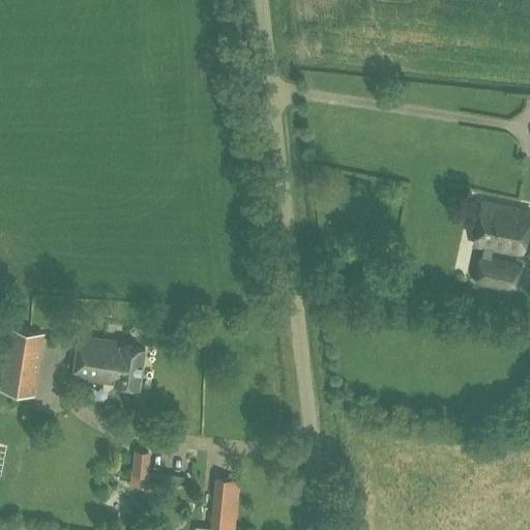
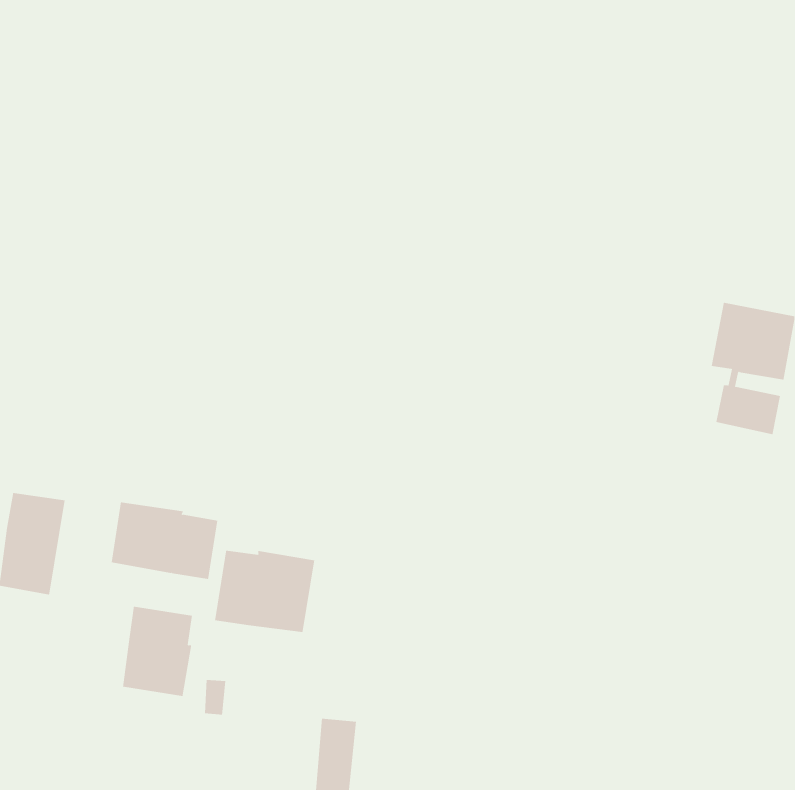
building: none -> [214,550,315,633]
building: none -> [122,606,192,697]

